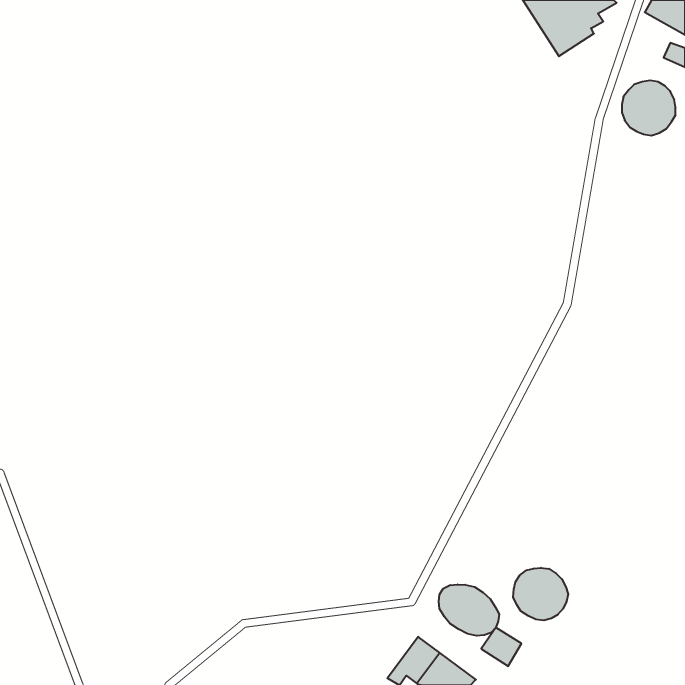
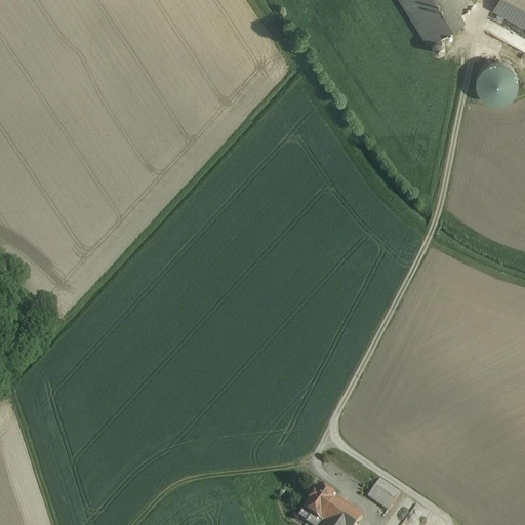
building: [513,568,568,620] -> none
building: [439,584,499,636] -> none

